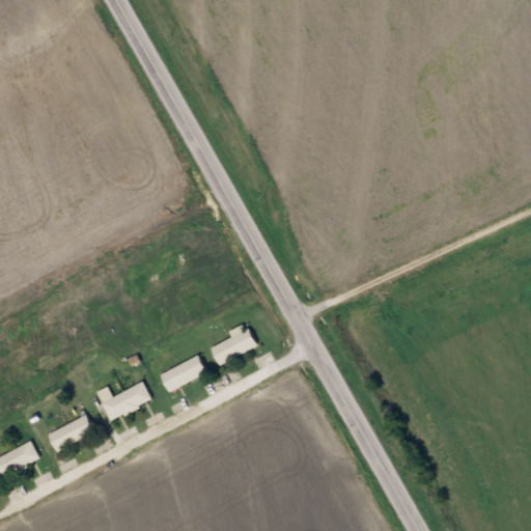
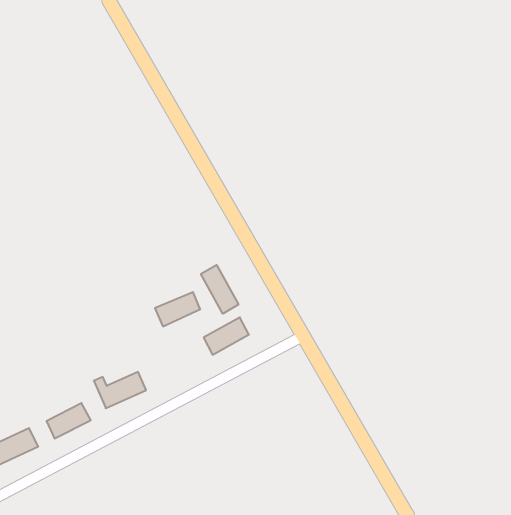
building: none -> [201,265,238,314]
building: [159,356,205,391] -> [155,292,200,326]

